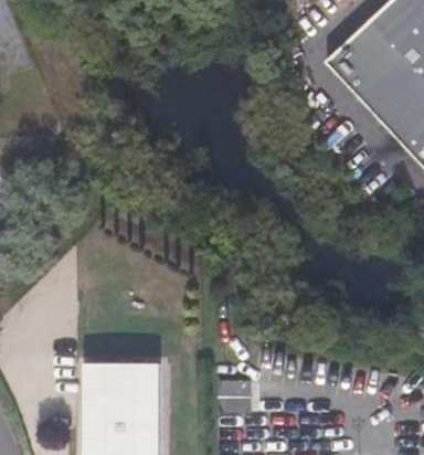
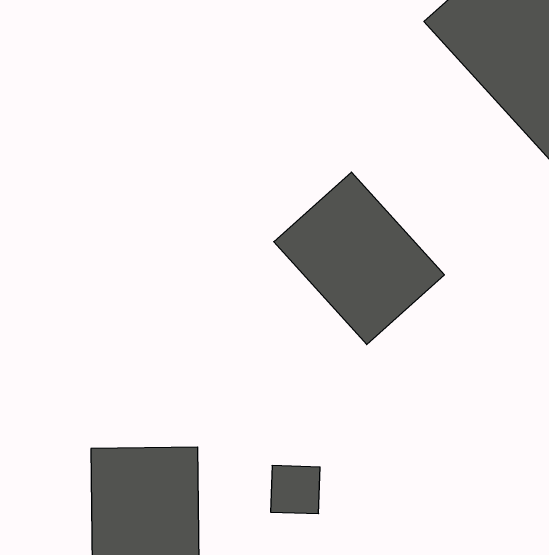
building: none -> [274,172,444,345]

